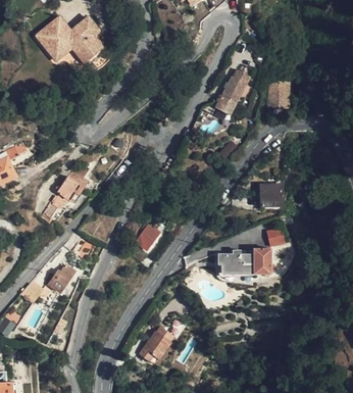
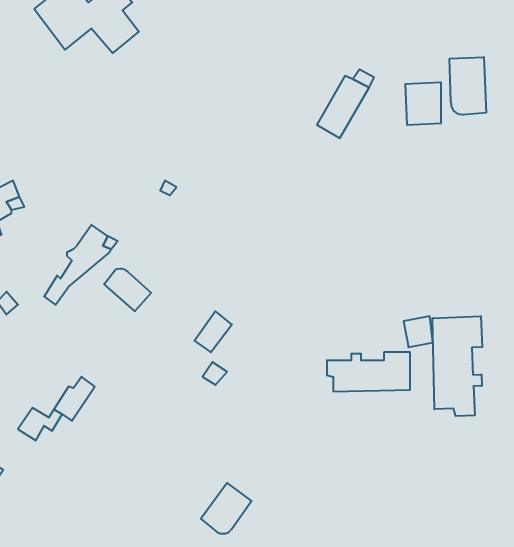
building: none -> [450,57,486,115]
building: [261,185,283,205] -> none
building: none -> [104,268,151,311]
building: none -> [432,316,482,416]

